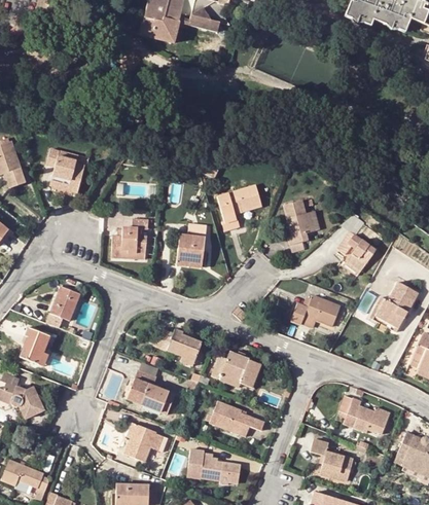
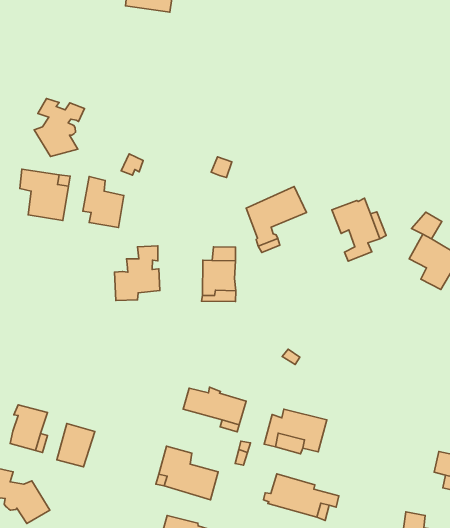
building: none -> [34,98,85,156]
building: none -> [83,177,124,228]
building: [50,286,81,320] -> [57,424,95,467]
building: [290,295,341,325] -> none

